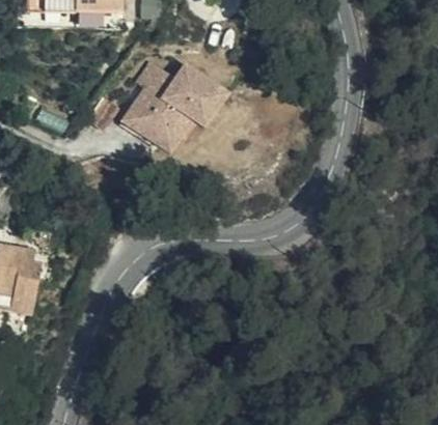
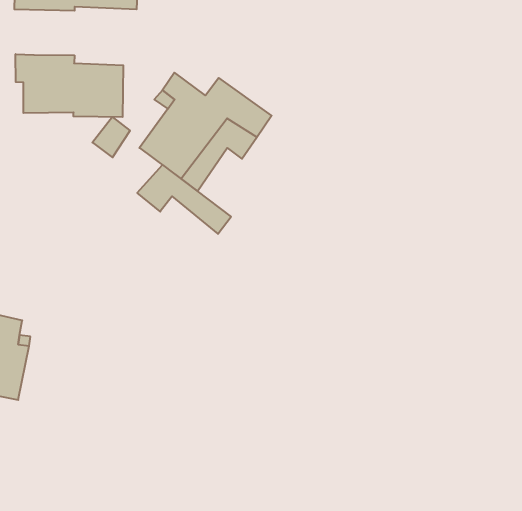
building: none -> [16,54,123,117]
building: none -> [137,165,231,234]

